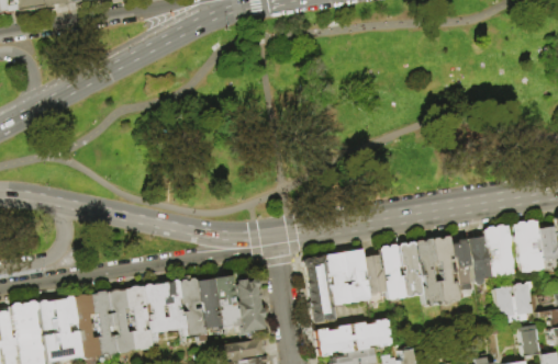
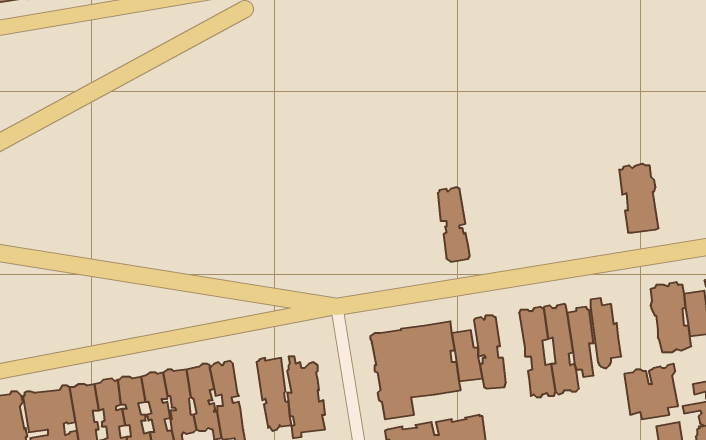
building: [483,224,513,275] -> [619,164,659,233]
building: [397,240,421,296] -> [438,187,470,262]
building: [198,278,224,331] -> none

